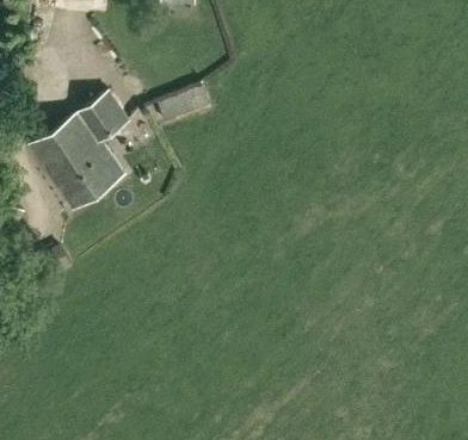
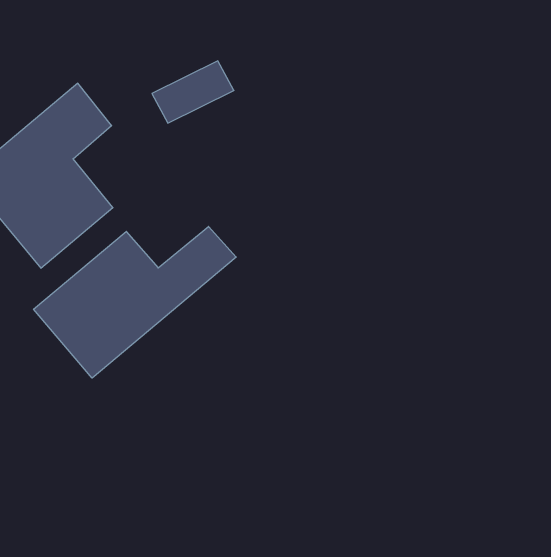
building: none -> [34,226,236,378]

